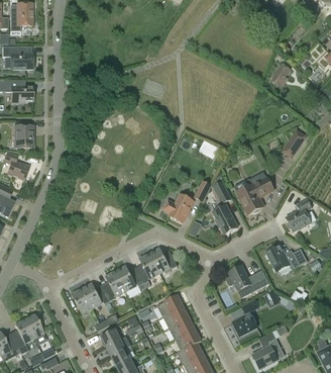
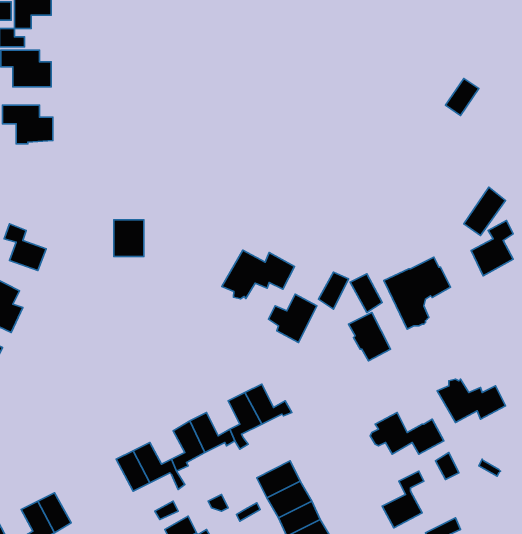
building: [15,124,33,147] -> [114,220,144,257]
building: none -> [222,250,295,299]
building: [286,198,311,231] -> [471,221,513,276]

